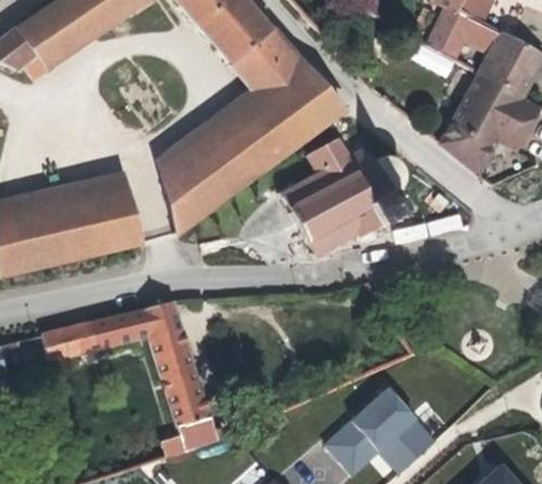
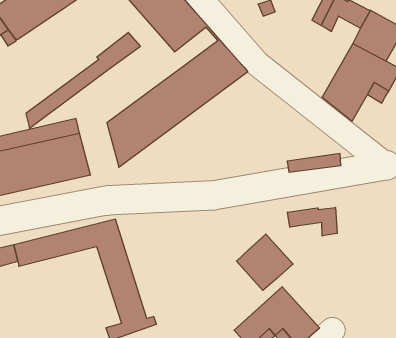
building: [158,53,305,176] -> [26,32,140,128]
building: [278,138,408,258] -> none
building: none -> [288,207,337,236]
building: none -> [236,234,293,290]

